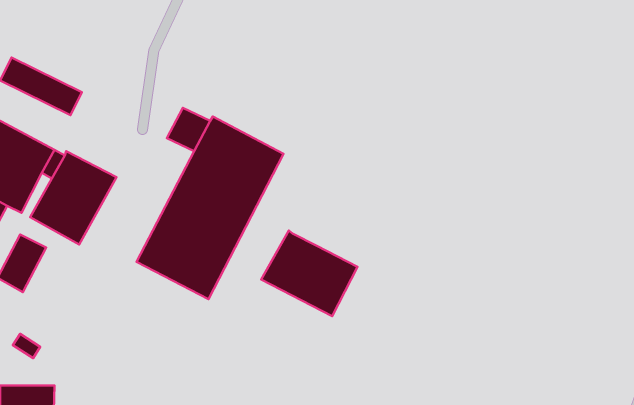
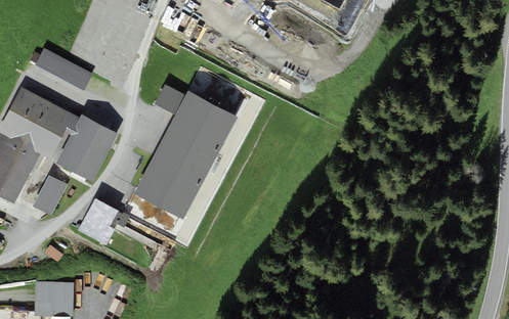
building: [261,230,357,316] -> none
building: none -> [79,199,119,244]

